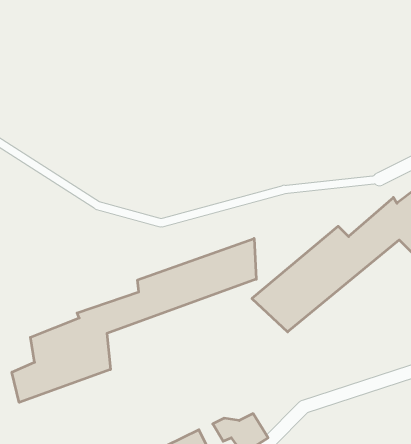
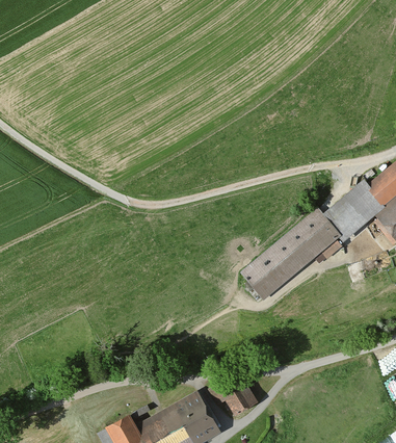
building: [12,238,256,402] -> none

